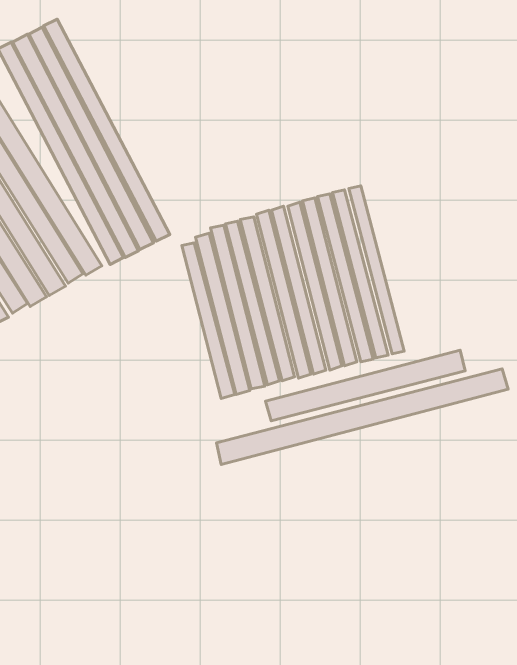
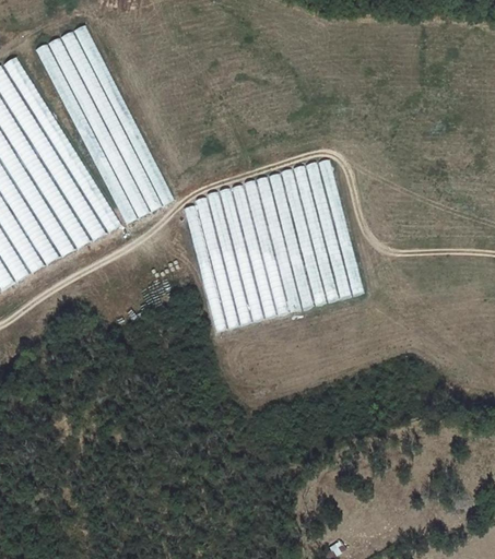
building: [265,350,465,421] -> none
building: [216,369,508,464] -> none

